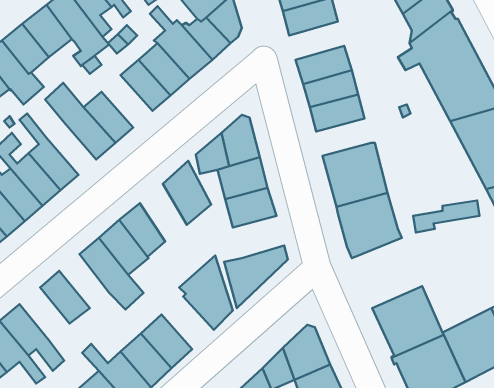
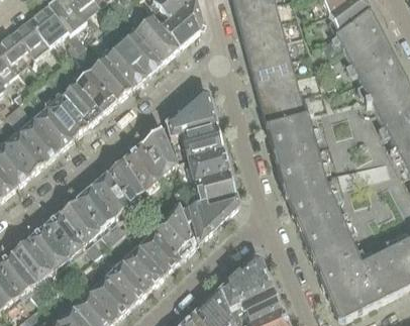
building: none -> [239,17,283,47]
building: none -> [91,60,131,101]
building: none -> [261,94,304,123]
building: none -> [47,97,87,138]
building: none -> [121,145,159,191]
building: none -> [195,171,235,204]
building: none -> [289,188,344,243]
building: none -> [58,201,103,257]
building: none -> [26,227,66,268]
building: none -> [138,234,180,276]

